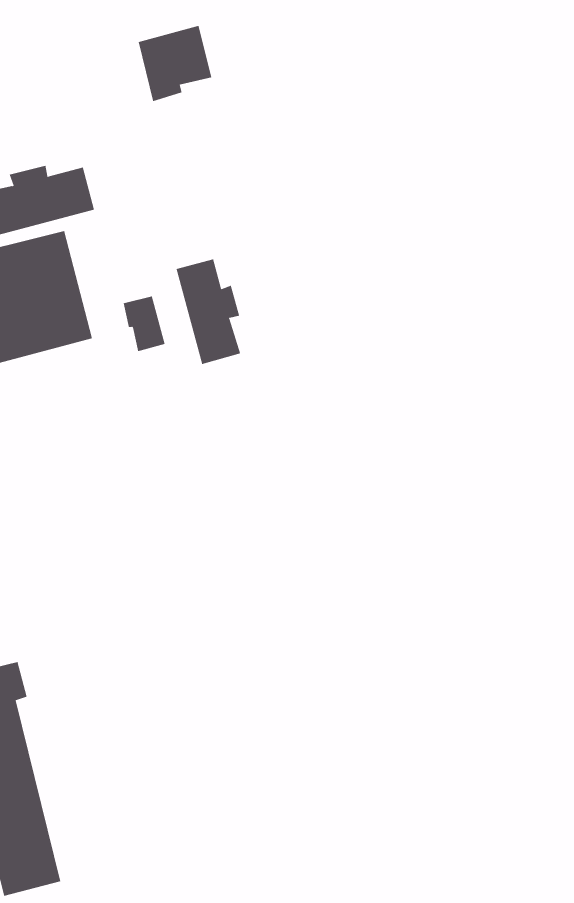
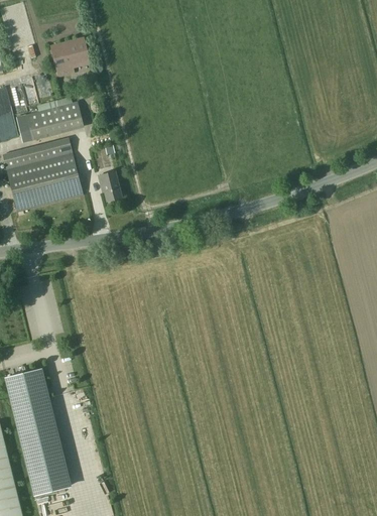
building: [138,25,212,102] -> [50,36,91,78]
building: [176,258,241,365] -> none

